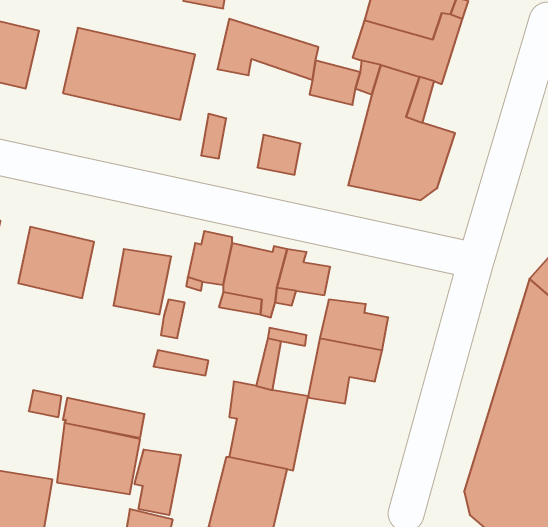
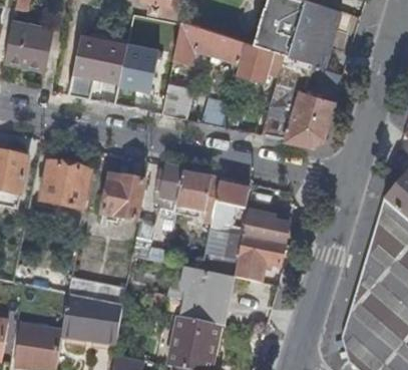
building: [135,449,181,515] -> none

